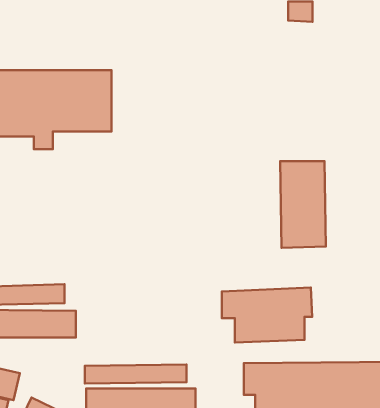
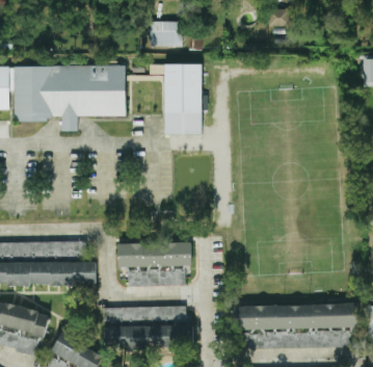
building: none -> [149,21,182,48]
building: [280,161,326,248] -> [164,63,202,134]
building: [222,288,312,342] -> [117,241,191,286]

